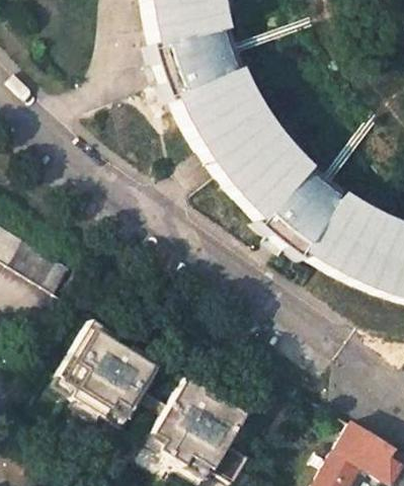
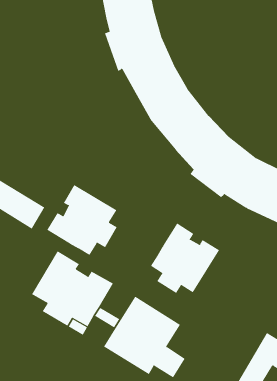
building: none -> [46,184,118,256]
building: none -> [150,223,220,294]

